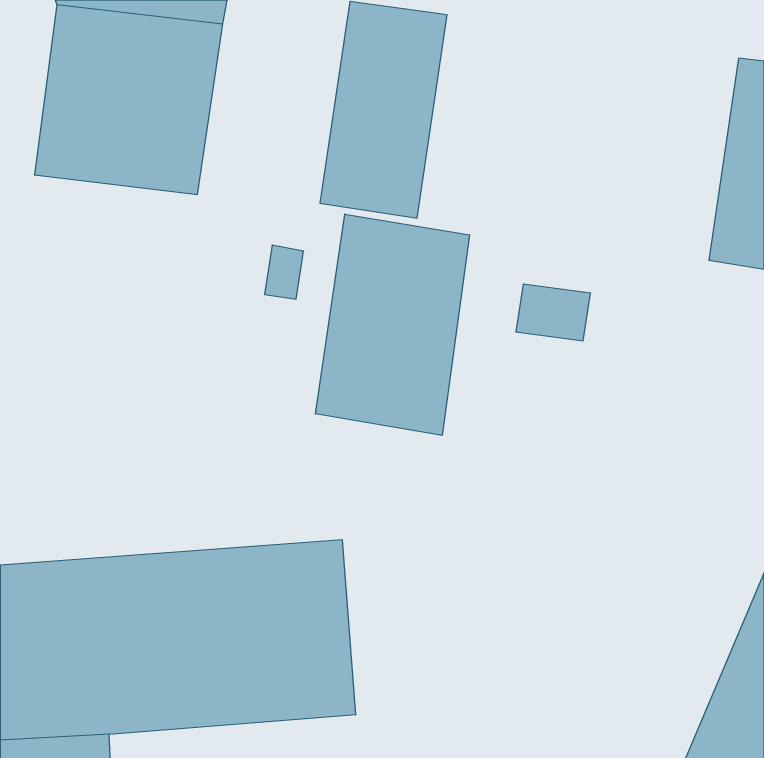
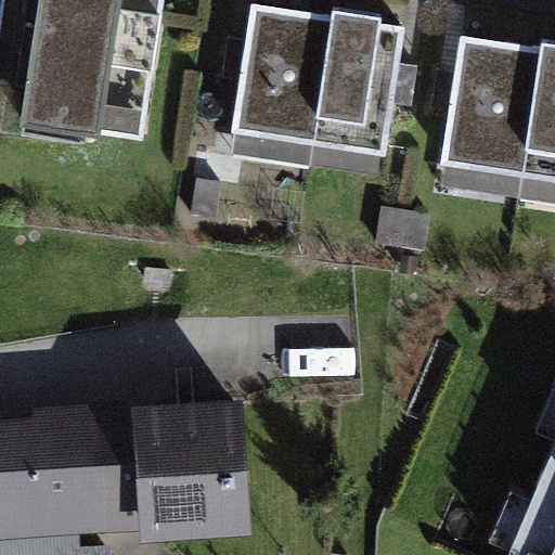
building: none -> [302,15,393,172]
building: none -> [443,37,535,193]
building: [315,214,469,435] -> none

